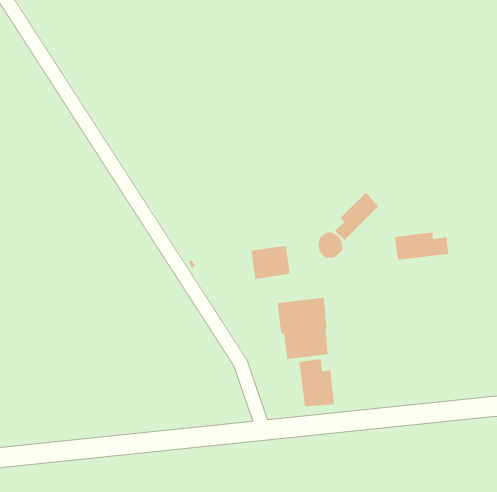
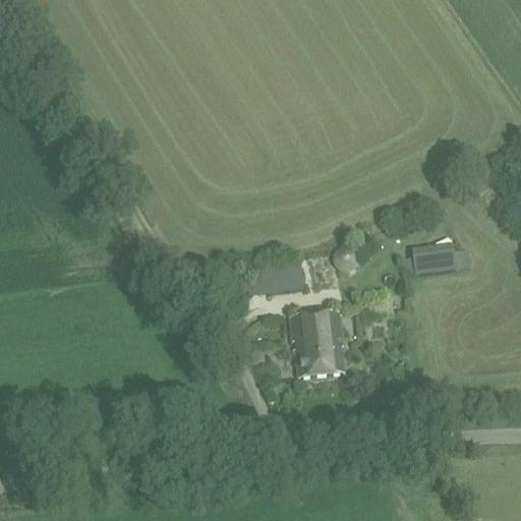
building: [334,192,379,241] -> none
building: [299,359,335,407] -> none

